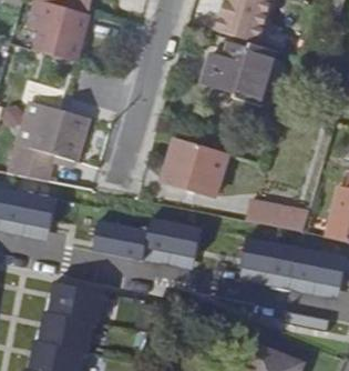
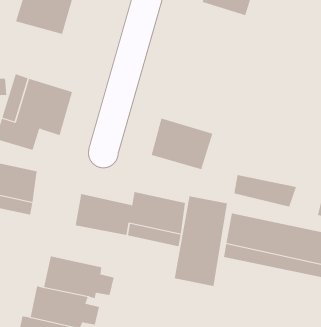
building: [202,43,276,106] -> none
building: none -> [174,196,227,287]

